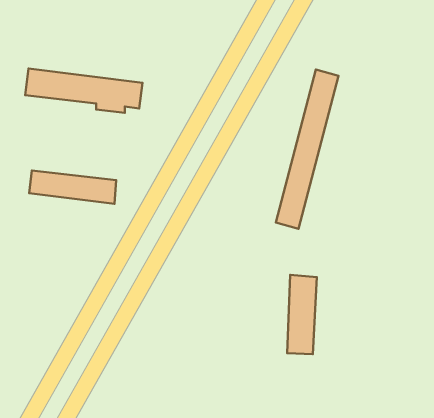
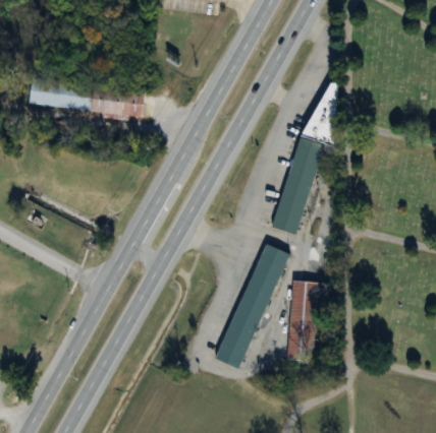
building: [29,170,116,204] -> none
building: none -> [216,244,287,371]

